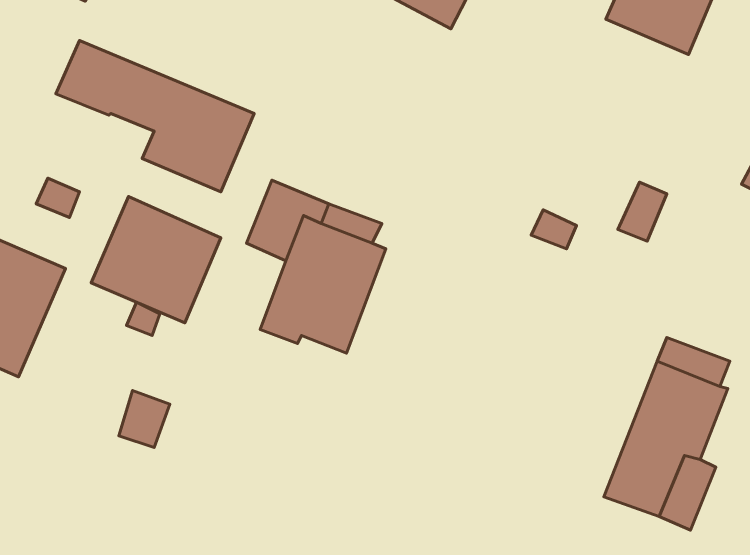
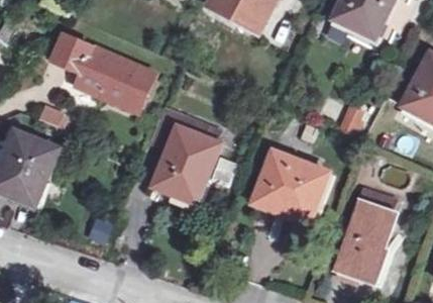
building: [91,197,221,323] -> none
building: none -> [257,153,328,215]

